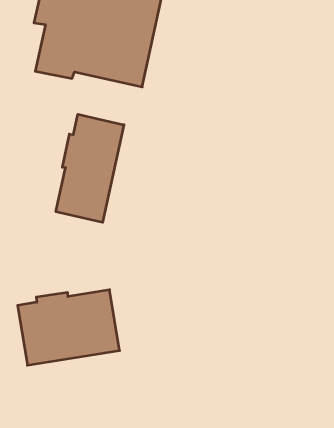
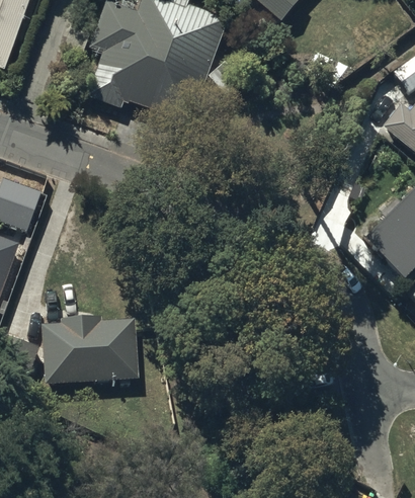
building: [56,114,124,222] -> none

